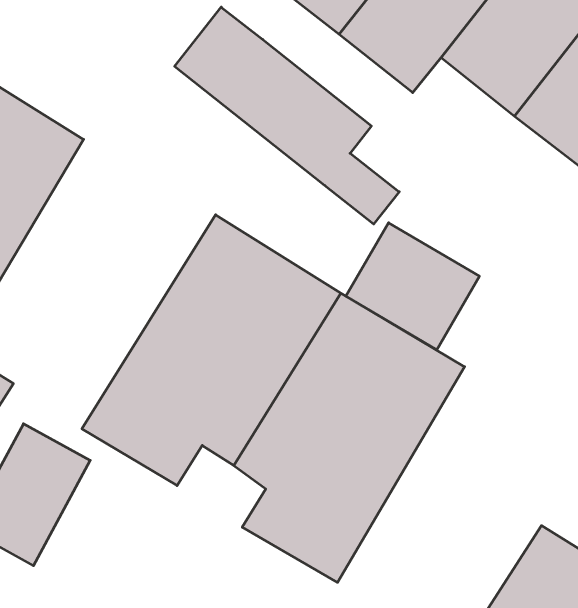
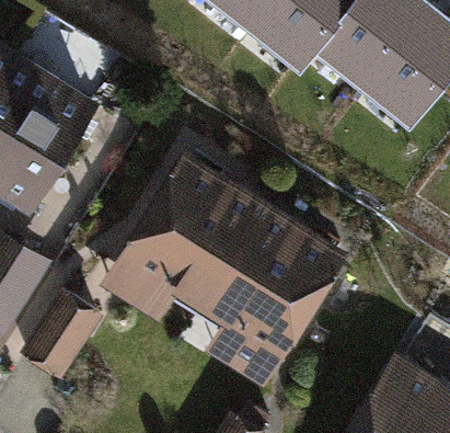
building: [175,7,399,224] -> none
building: [346,223,479,350] -> none

